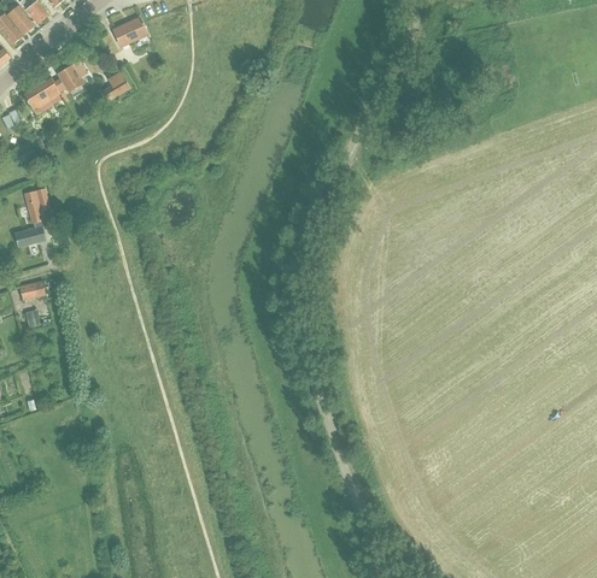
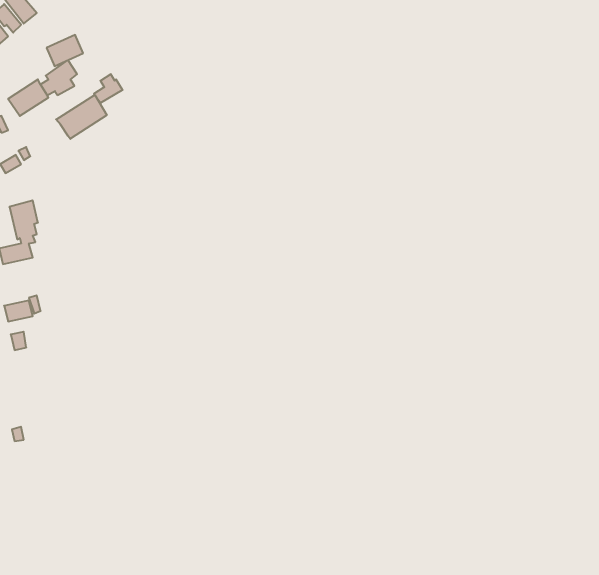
building: [112,17,146,46] -> [47,35,83,66]
building: none -> [56,95,107,139]

